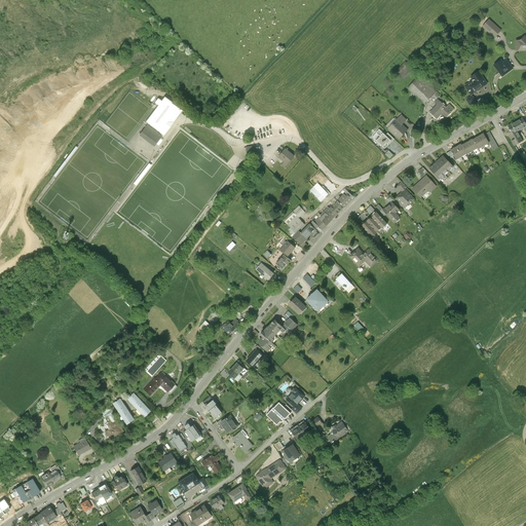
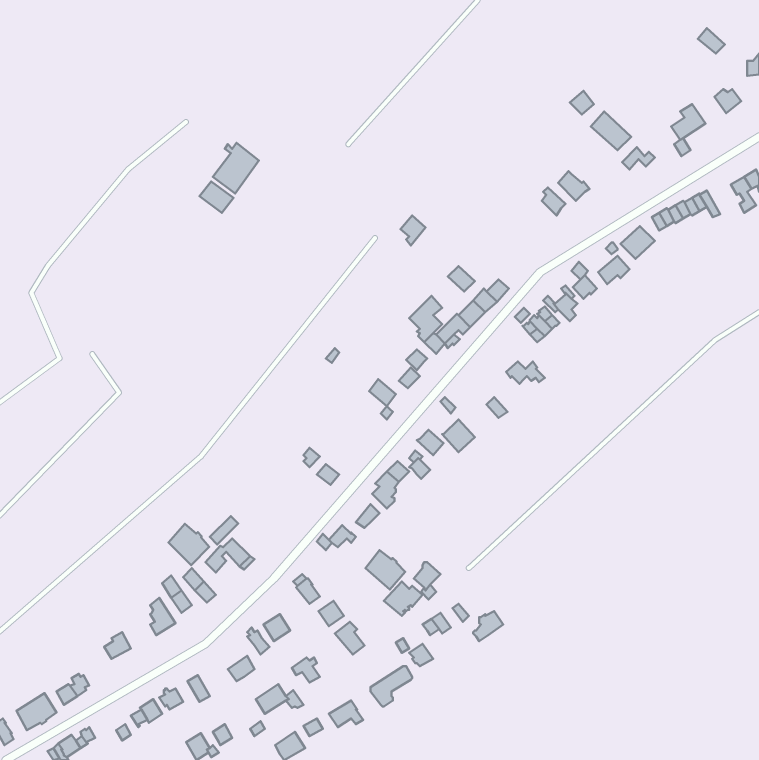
building: none -> [169,524,209,565]
building: none -> [366,550,405,589]

